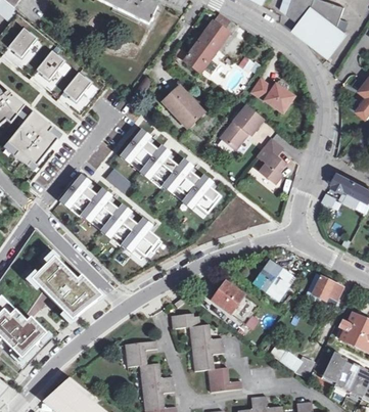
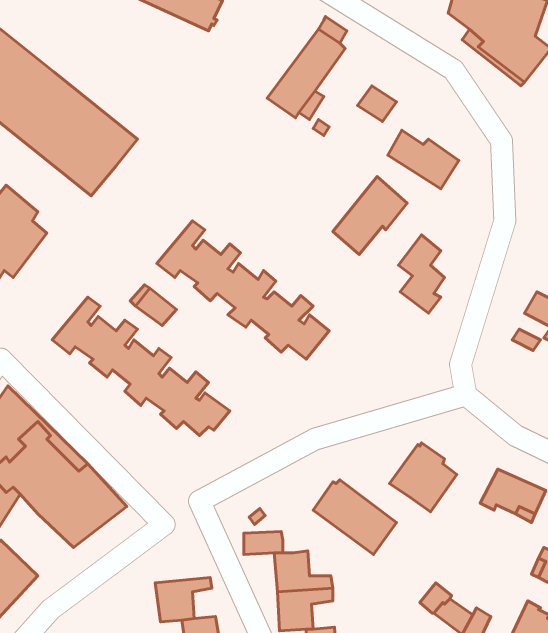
building: [167,87,205,129] -> none

